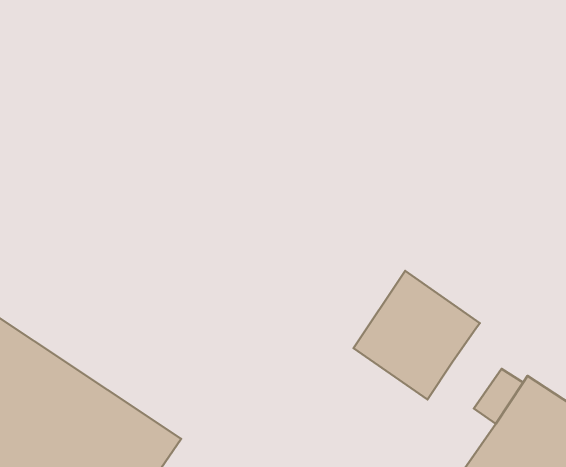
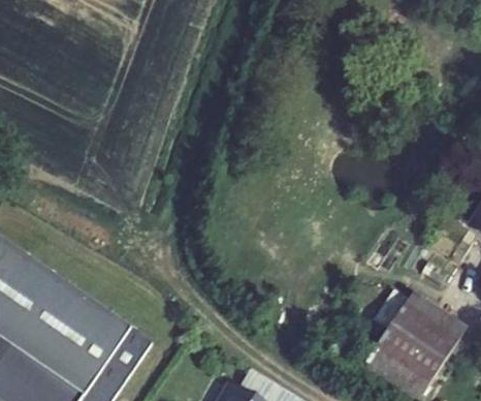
building: [353,271,480,400] -> none

